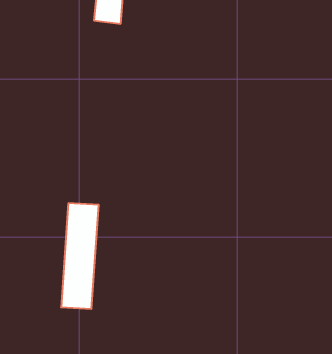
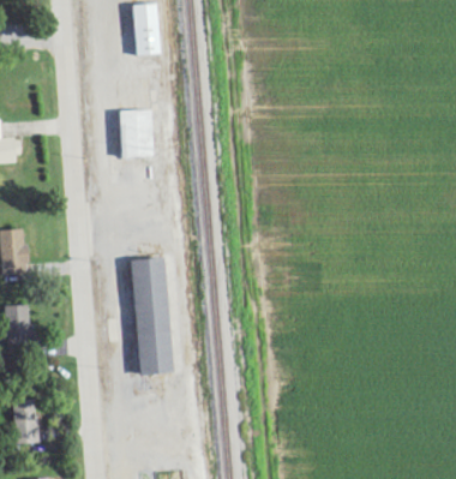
building: none -> [119,109,157,158]

